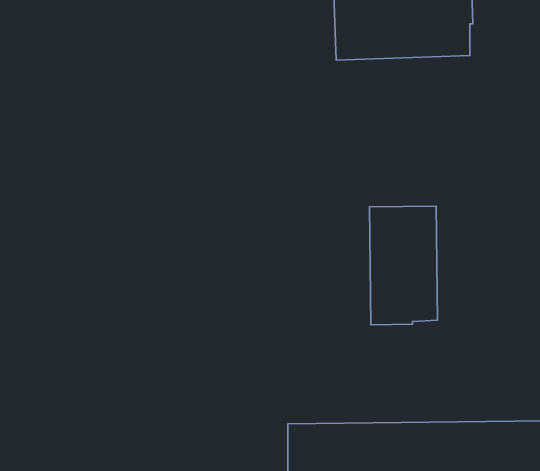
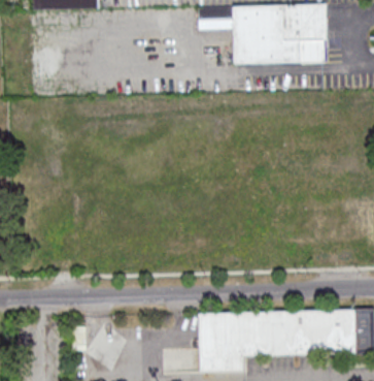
building: [370,206,438,325] -> none

